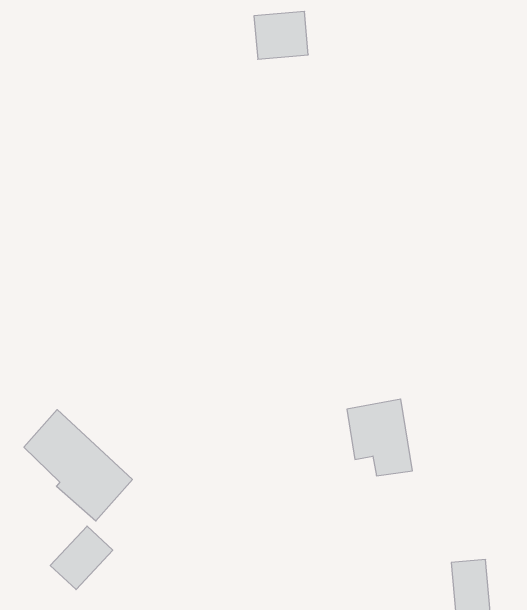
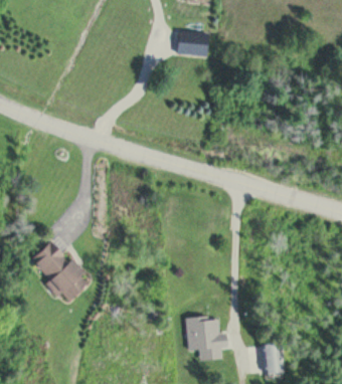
building: [347,399,412,476] -> [187,319,220,360]
building: [50,526,113,590] -> none

